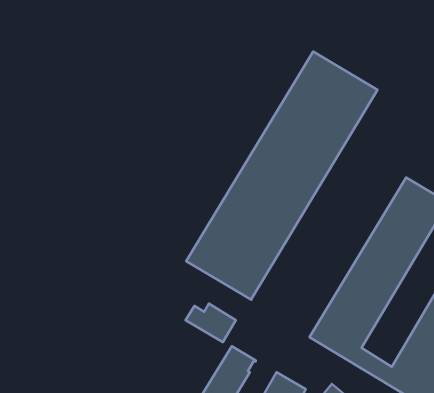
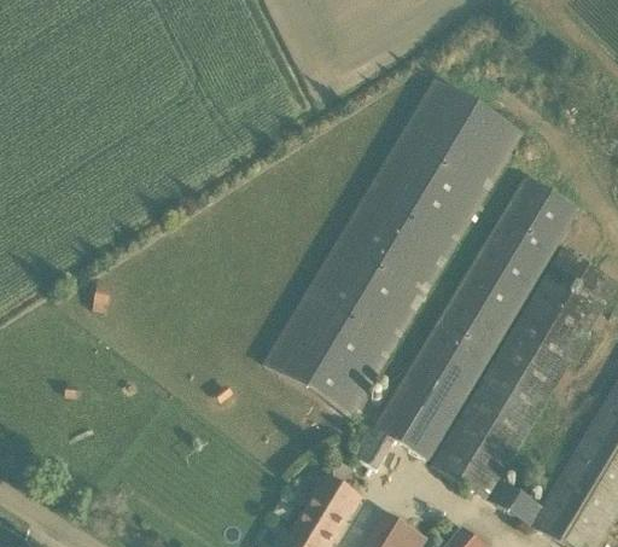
building: none -> [351,174,579,469]
building: [186,304,236,342] -> none

